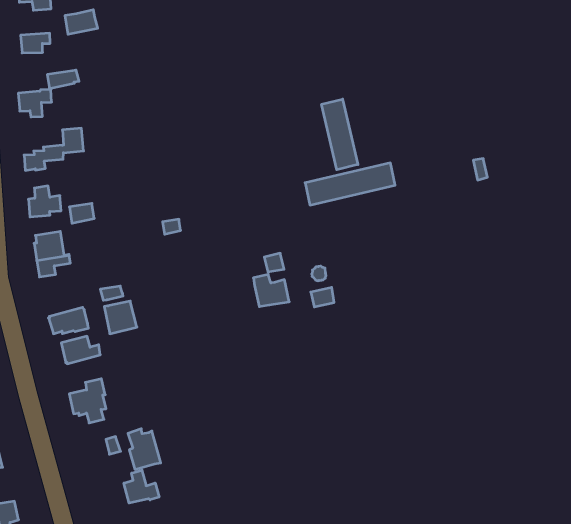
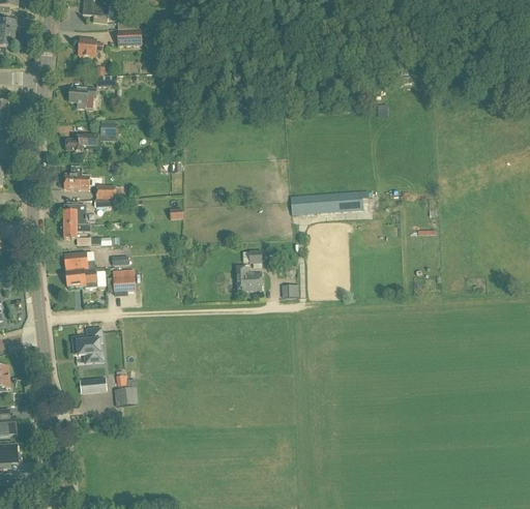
building: [322,99,358,170] -> none
building: [61,336,100,364] -> [64,251,94,271]
building: [124,470,159,503] -> none

